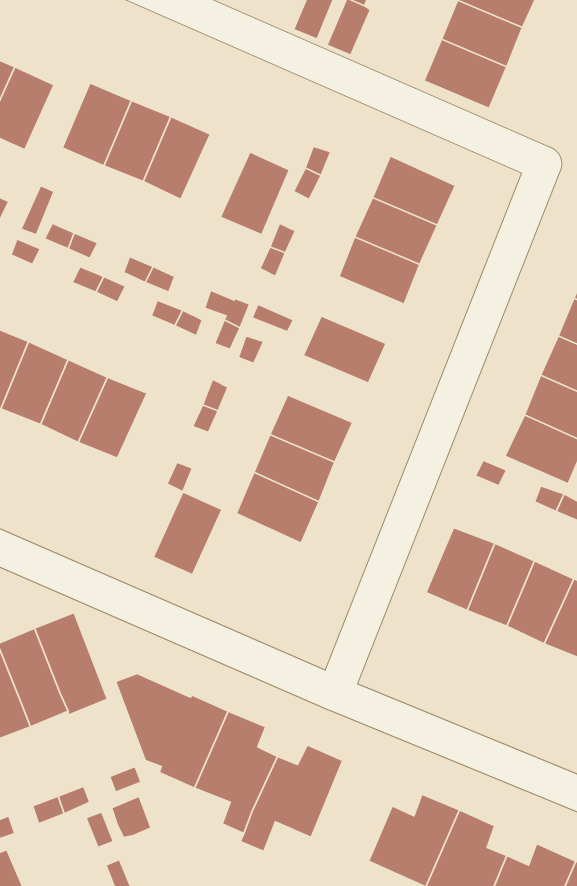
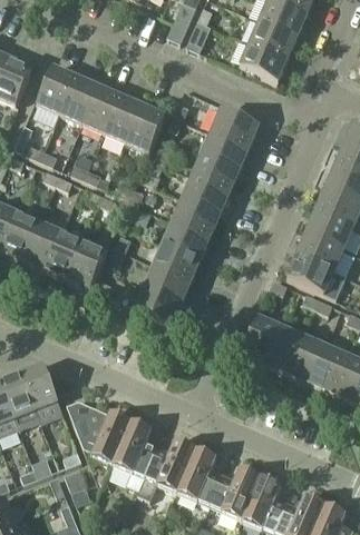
building: none -> [104,95,143,141]
building: none -> [183,175,230,212]
building: none -> [164,219,210,257]
building: [153,492,222,575] -> [68,240,107,287]
building: none -> [177,447,223,504]

